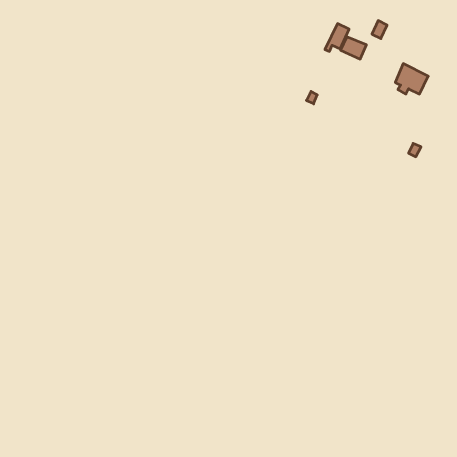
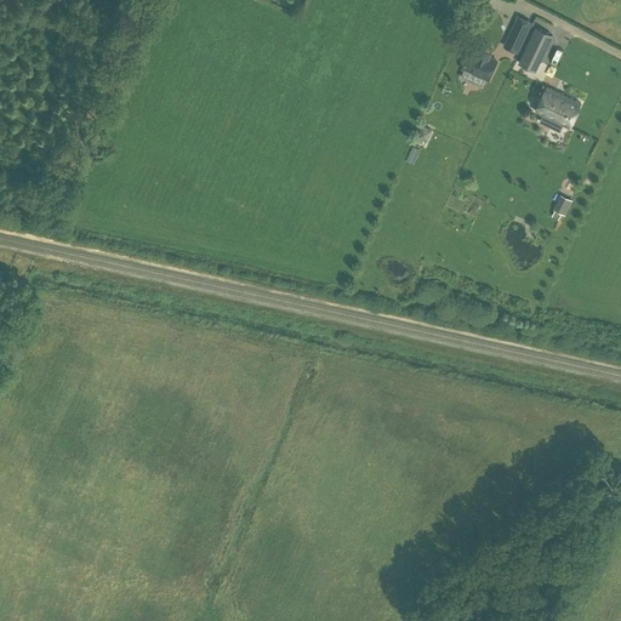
building: [325,24,349,51] -> [518,29,551,67]

